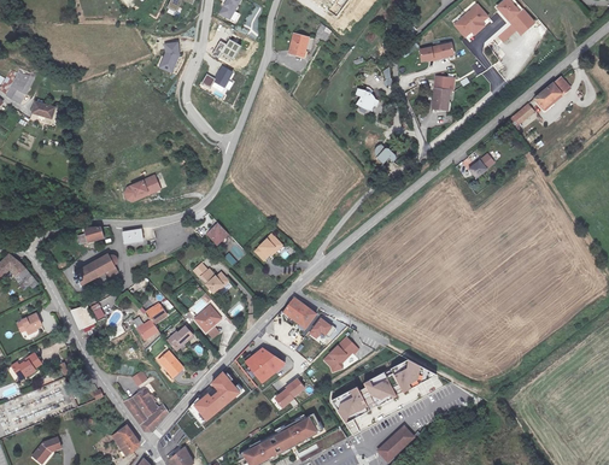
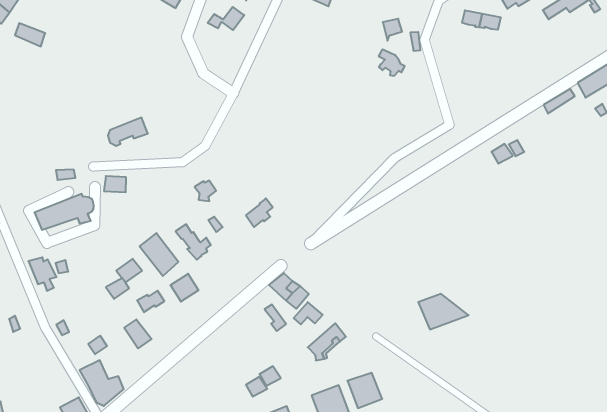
building: [433,70,457,105] -> none
building: none -> [140,233,178,276]
building: [246,349,286,383] -> none
building: [390,359,435,392] -> [418,294,469,329]
building: [188,370,240,424] -> none

